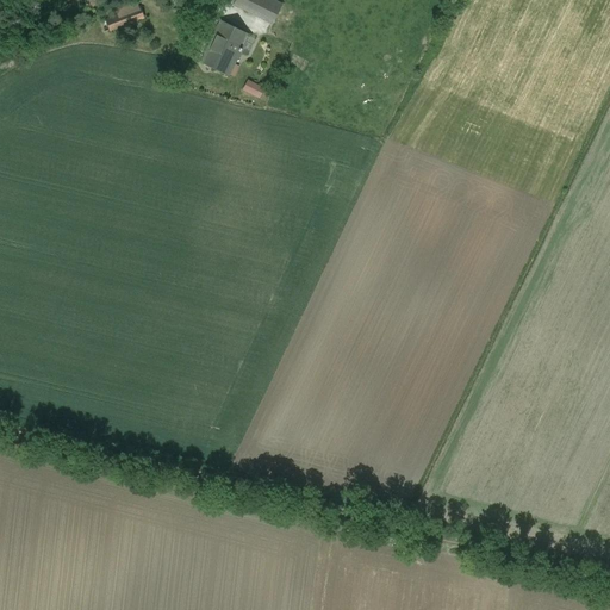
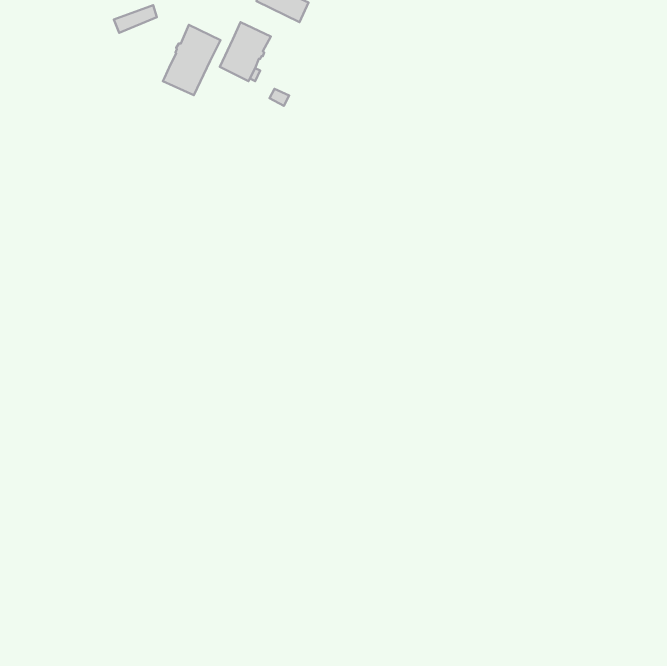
building: none -> [163,25,220,95]

